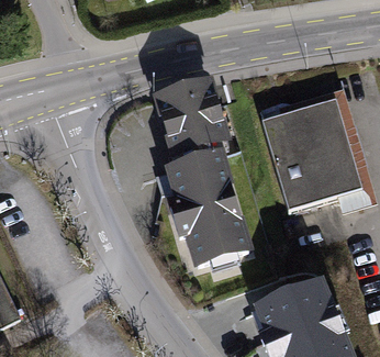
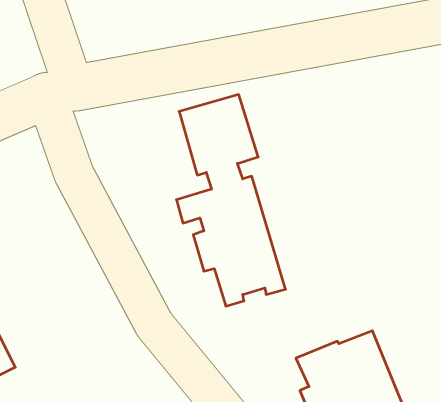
building: [261,100,362,211] -> none

